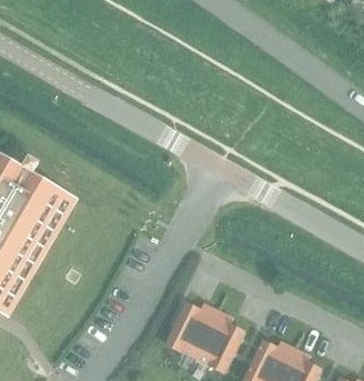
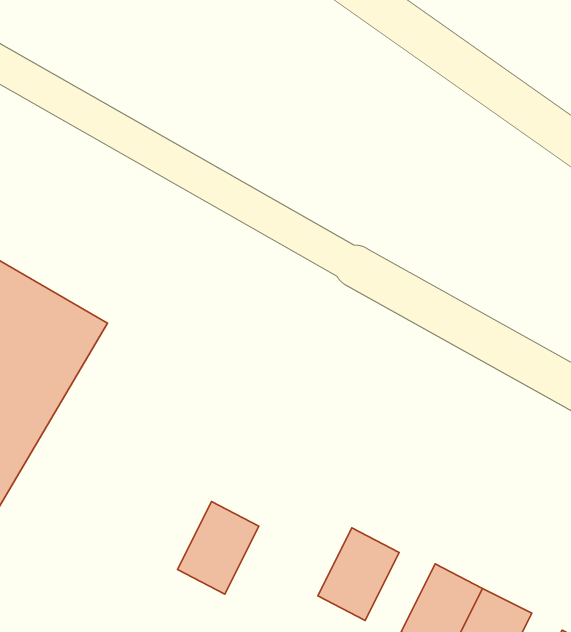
building: [171,303,219,358] -> [178,501,259,594]

